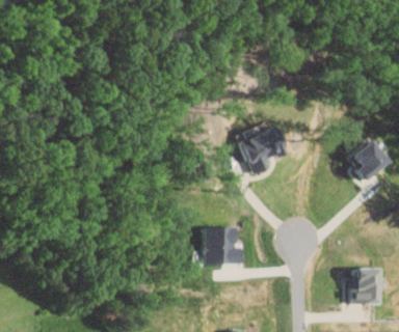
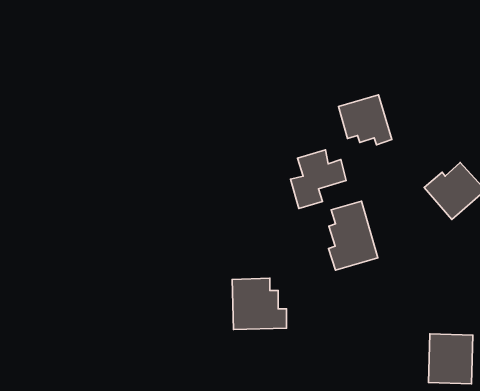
building: none -> [338,95,392,145]
building: none -> [329,201,378,270]

